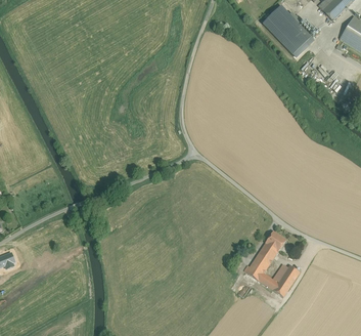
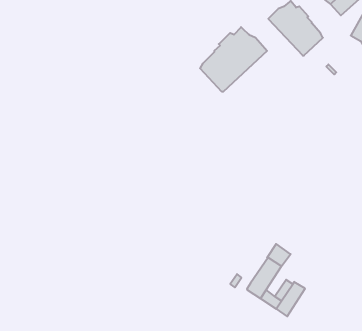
building: none -> [200,27,267,92]

